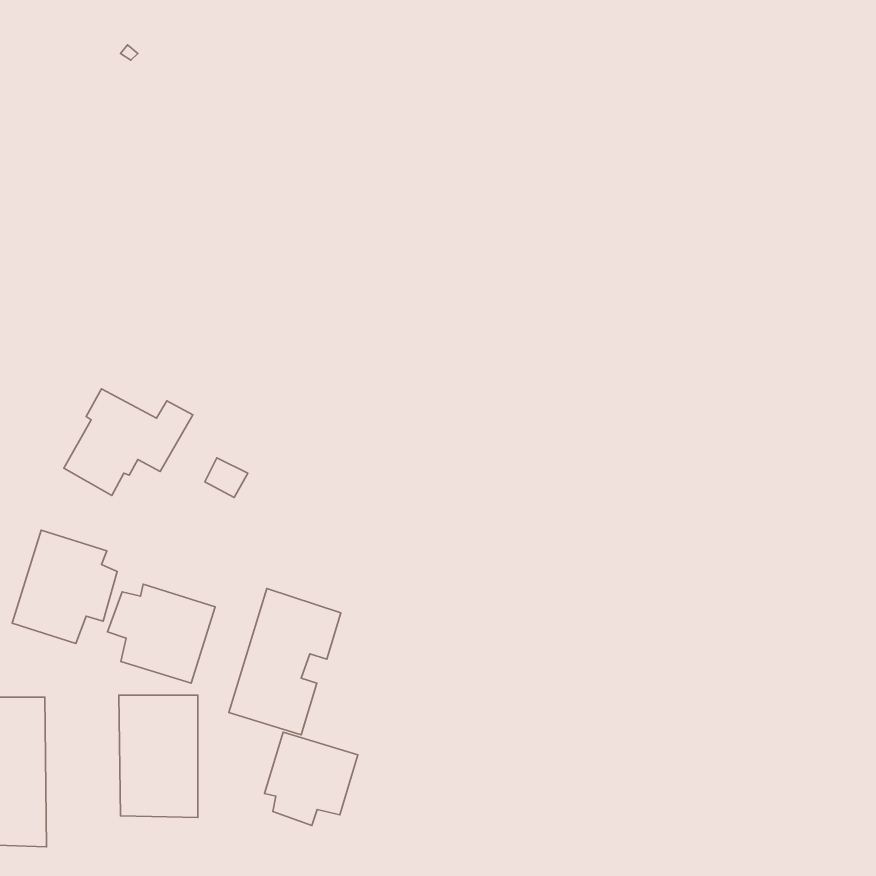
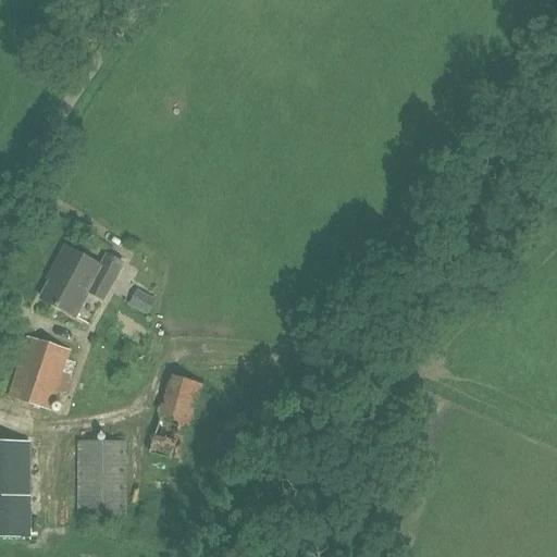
building: [108,584,215,683] -> none
building: [265,732,358,825] -> none

